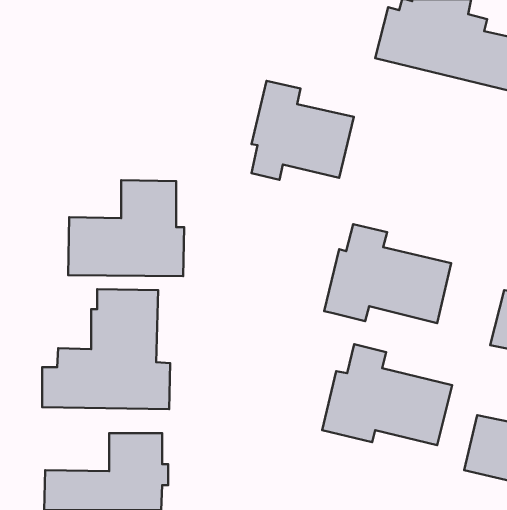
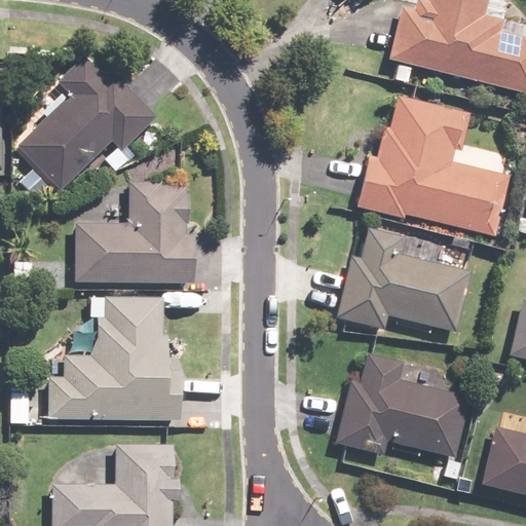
building: none -> [20,59,157,188]
building: [251,81,354,180] -> none
building: none -> [359,98,509,234]

